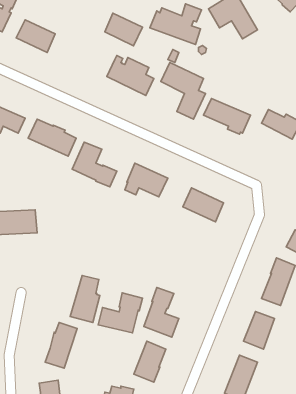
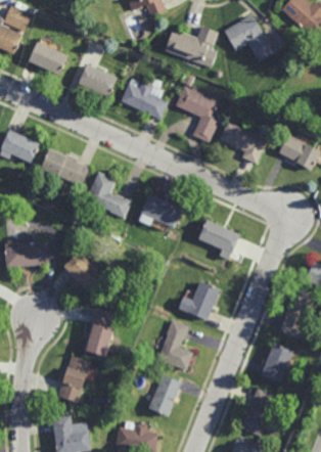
building: [105,13,143,46] -> [79,66,118,100]
building: none -> [63,250,104,290]
building: none -> [179,280,220,319]
building: [98,293,142,333] -> none

